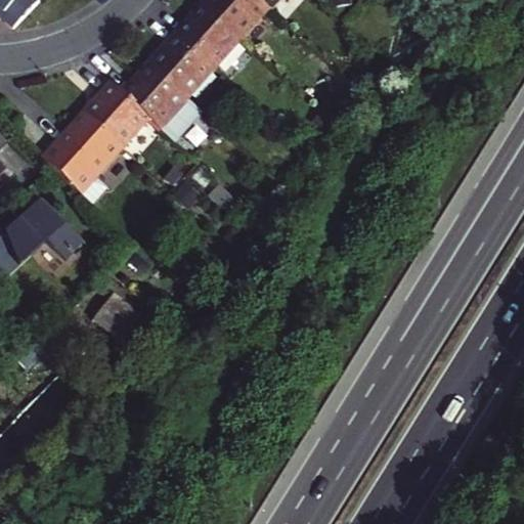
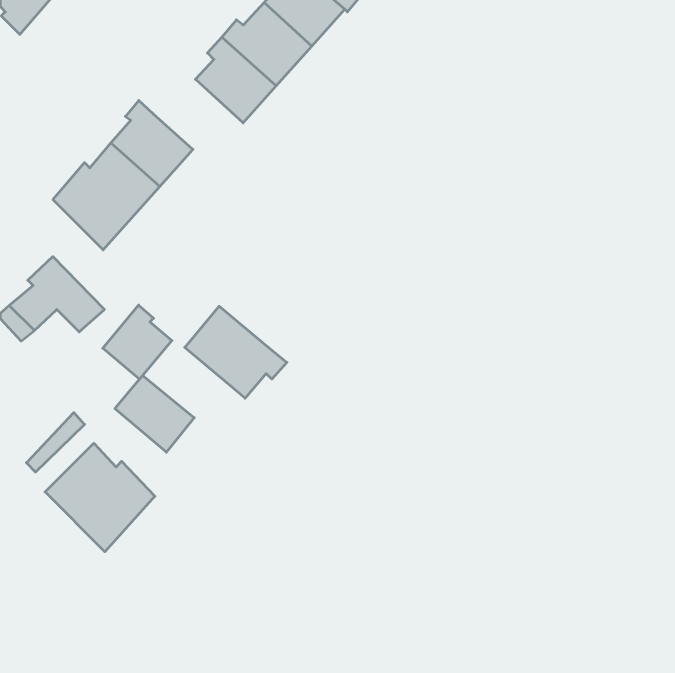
building: [119,61,204,139] -> none
building: none -> [103,305,172,379]
building: none -> [185,306,287,398]
building: none -> [45,443,155,552]

